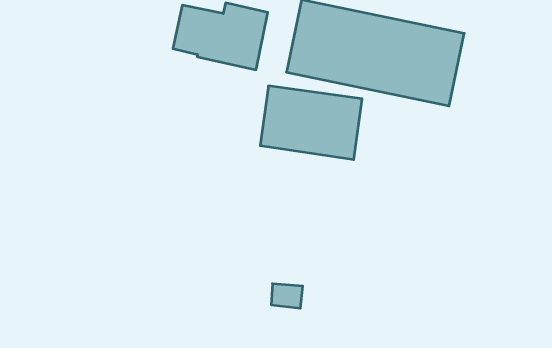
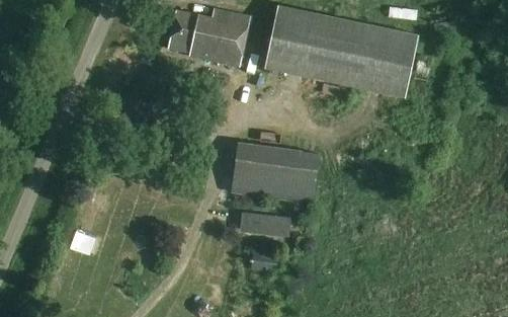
building: [260,86,362,160] -> [232,141,320,205]
building: none -> [241,213,291,237]

